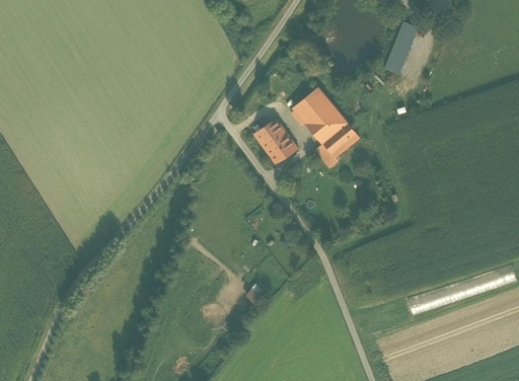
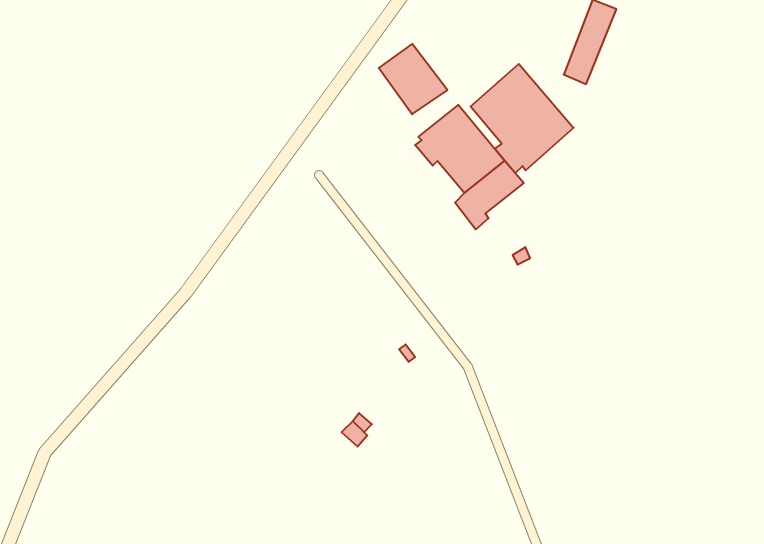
building: none -> [471,64,574,173]
building: [254,120,298,164] -> [379,44,447,114]

